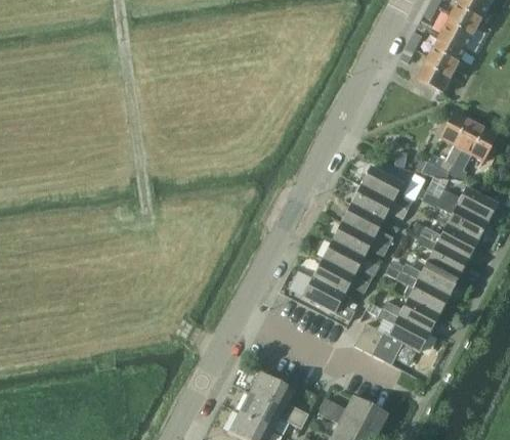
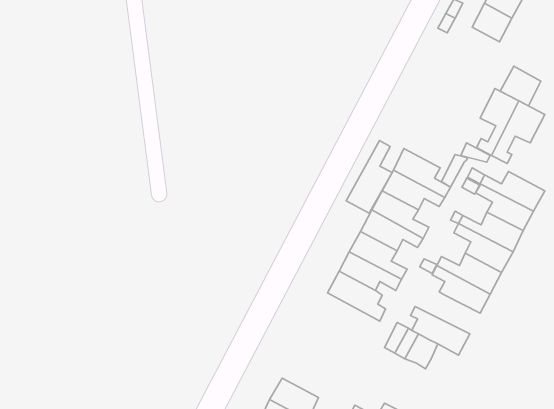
building: [420,55,457,91] -> [500,66,541,106]
building: none -> [346,141,392,213]
building: [381,297,439,332] -> none

